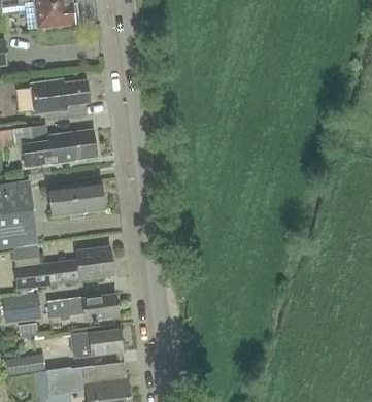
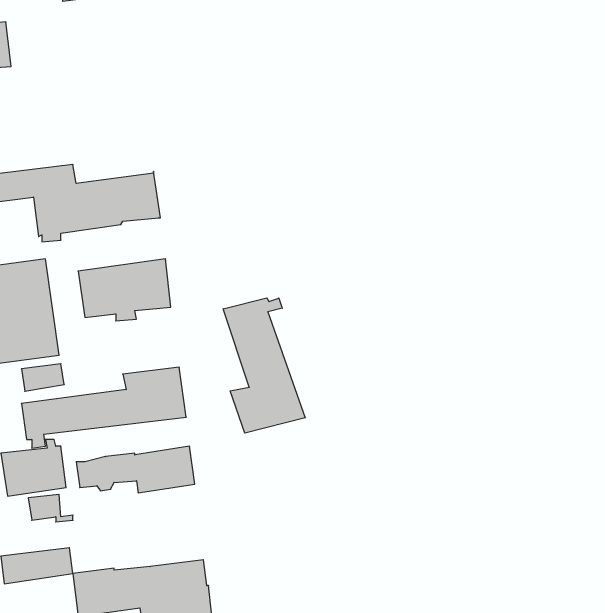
building: [16,80,90,113] -> none
building: none -> [223,298,305,433]
building: [70,329,123,358] -> none

